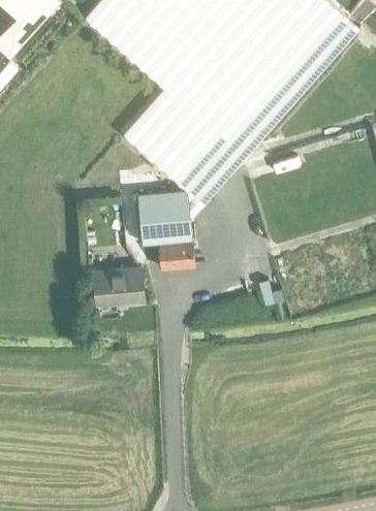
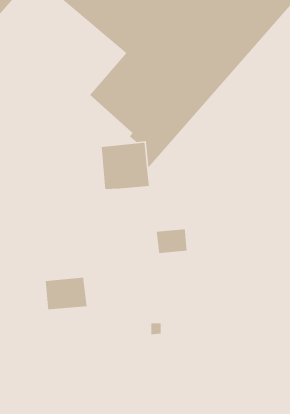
building: [159,239,195,268] -> [156,228,187,254]
building: [95,267,144,306] -> [45,277,87,310]

